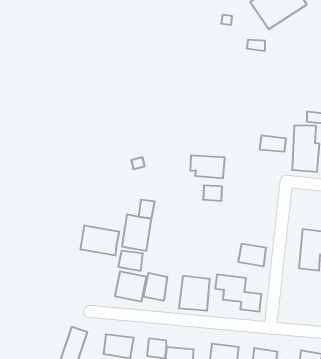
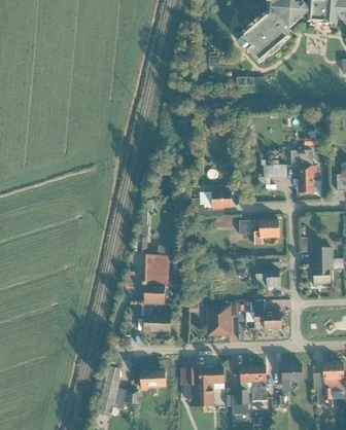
building: none -> [238,219,281,246]
building: [81,225,119,256] -> none
building: [143,273,167,301] -> none

